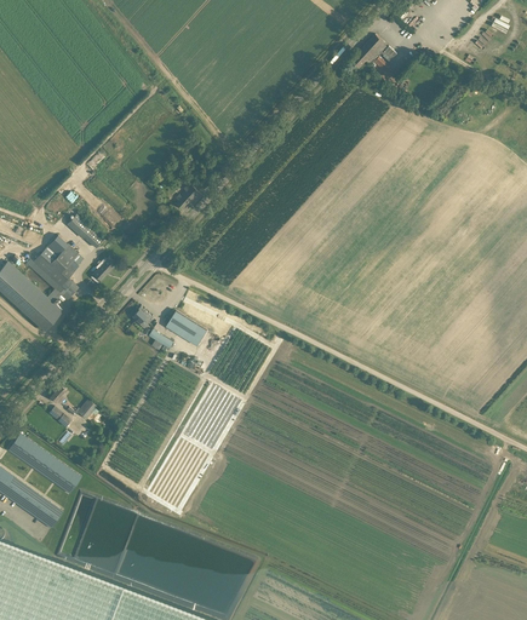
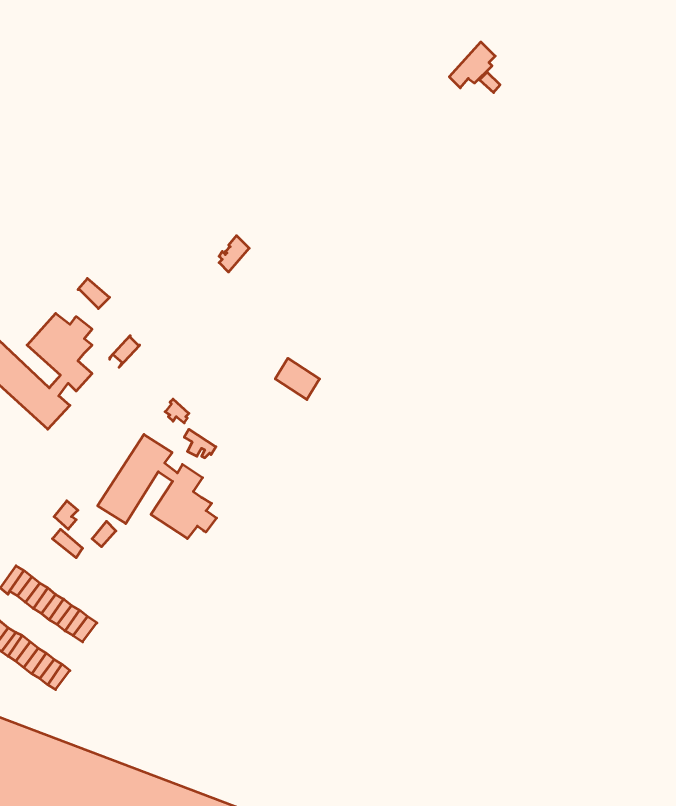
building: [165,311,199,343] -> [275,358,320,400]
building: none -> [98,434,217,539]

